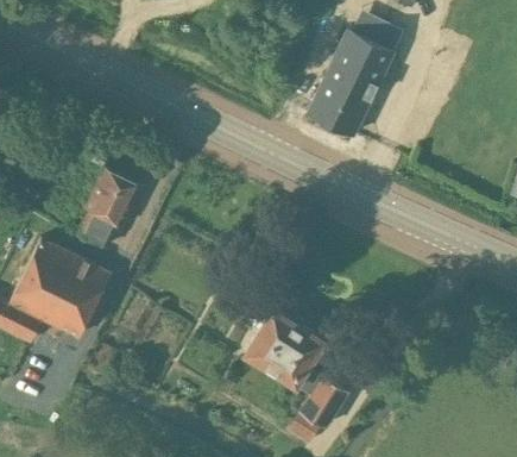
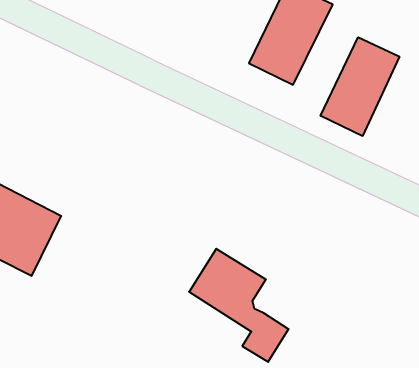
building: none -> [321,37,399,136]
building: [76,169,140,248] -> none

